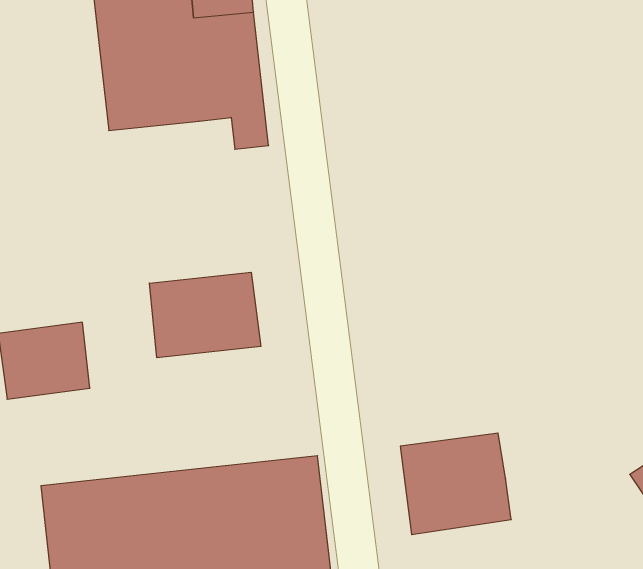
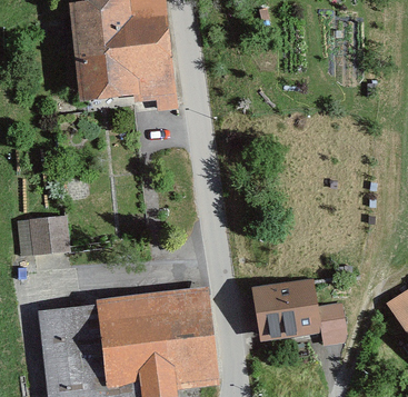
building: [149,272,261,358] -> none
building: none -> [317,304,347,346]

